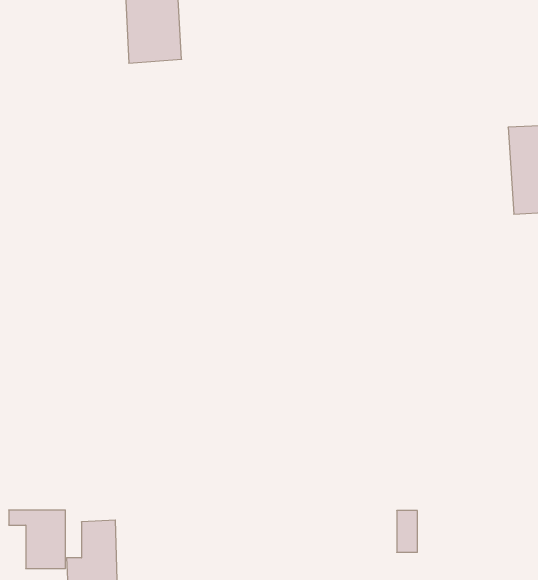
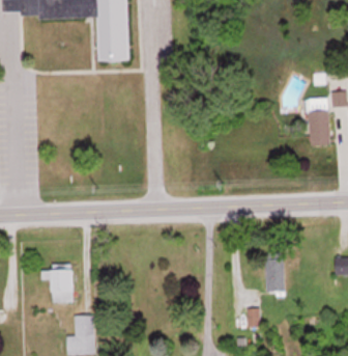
building: none -> [266,253,284,293]
building: [9,510,65,569] -> [42,270,74,302]

